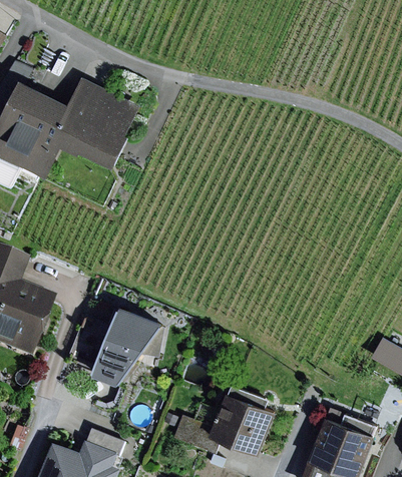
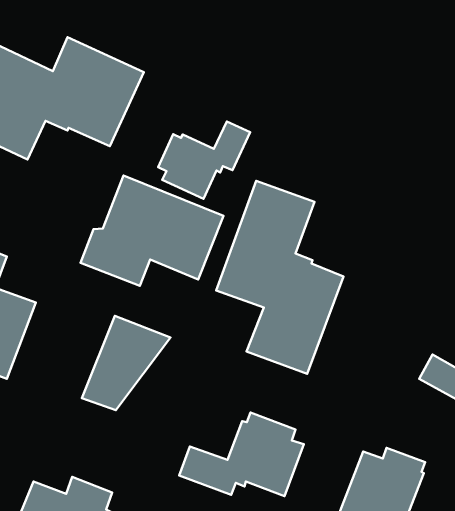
building: none -> [158,122,250,199]
building: none -> [81,176,223,286]
building: none -> [216,181,343,374]

